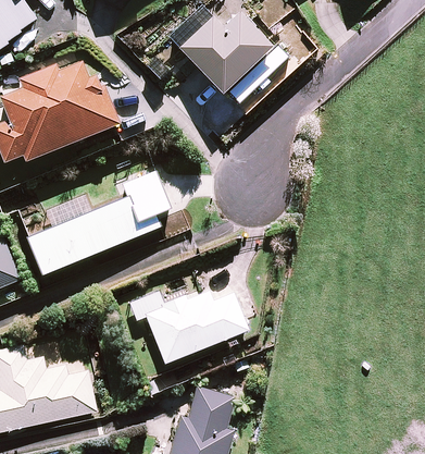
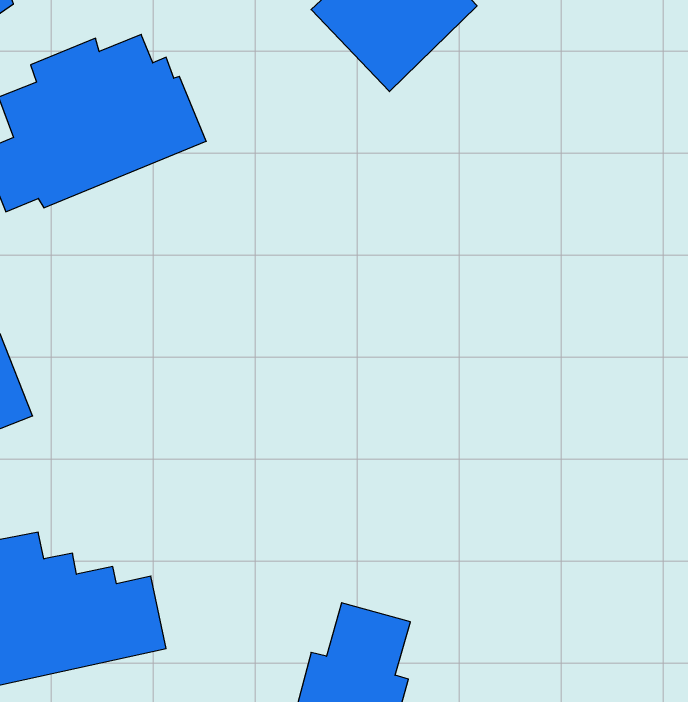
building: [27,170,171,273] -> none
building: [143,290,248,364] -> none

